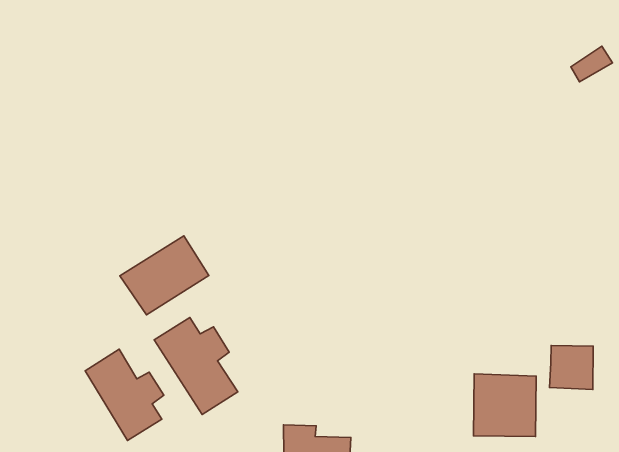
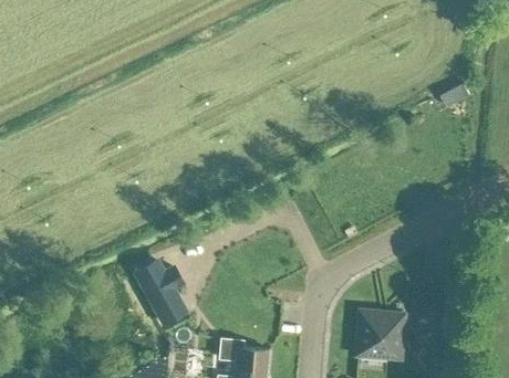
building: [120,236,209,315] -> none
building: [85,349,164,440] -> none

